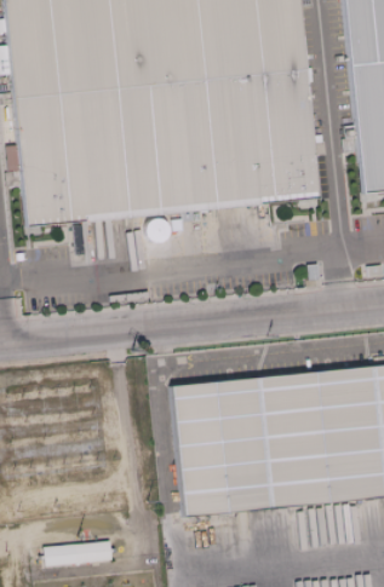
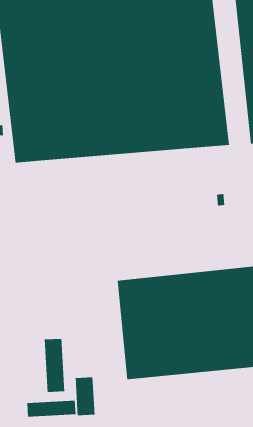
building: none -> [44,338,65,393]
building: none -> [75,377,95,416]

